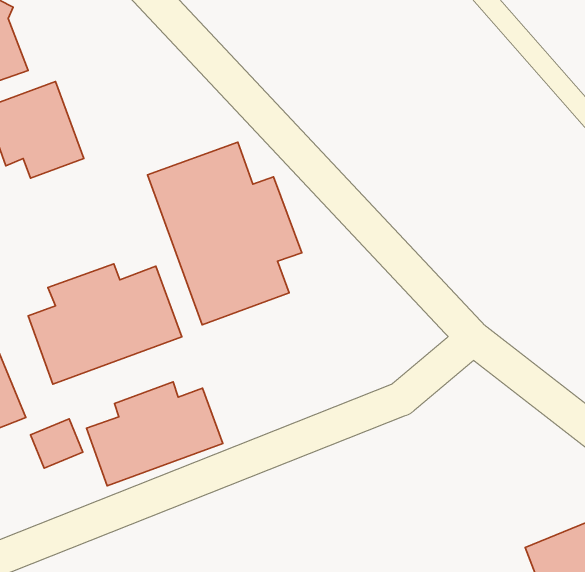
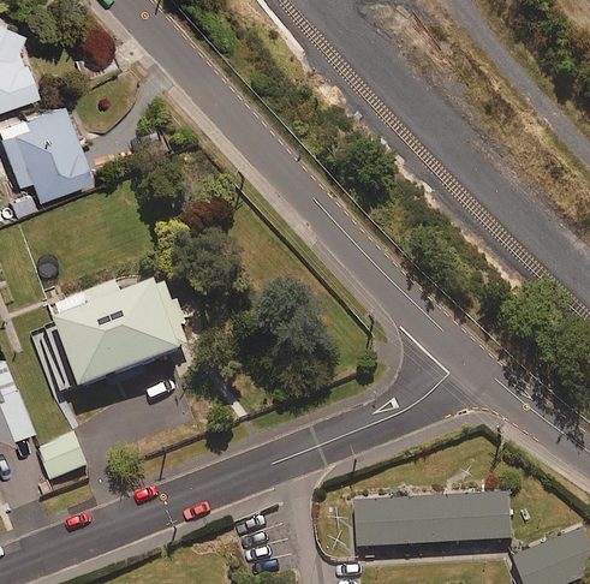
building: [147,142,302,325] -> none
building: [86,382,223,486] -> none
building: none -> [354,491,512,544]

